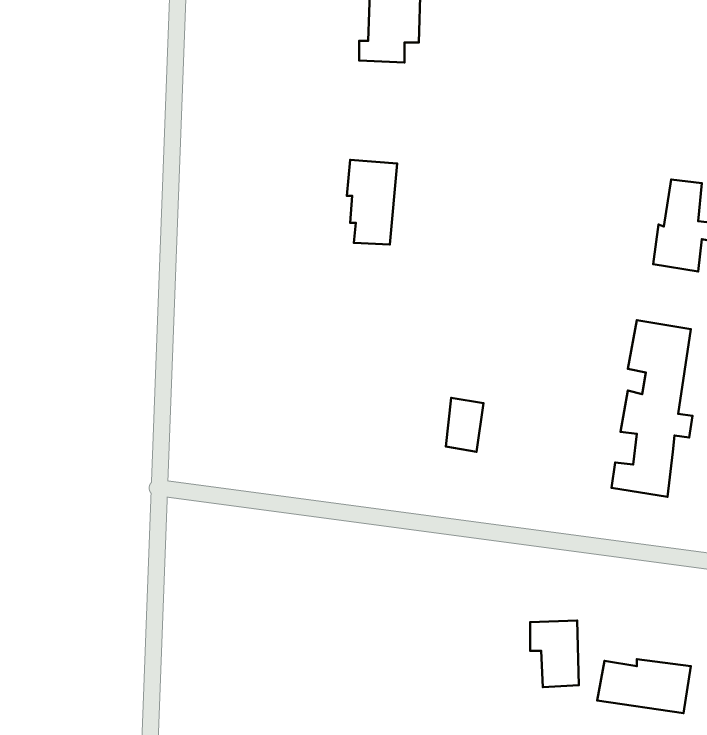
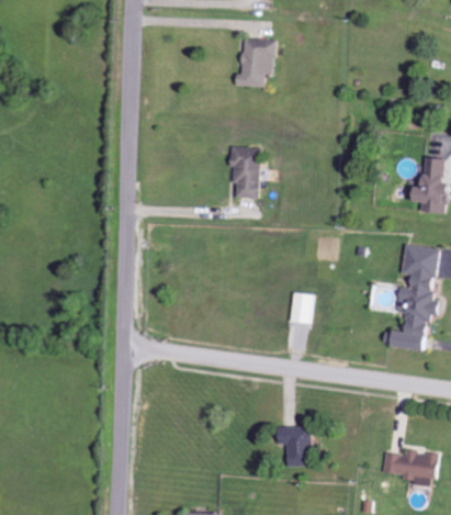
building: [530,620,579,687] -> [280,426,309,467]

